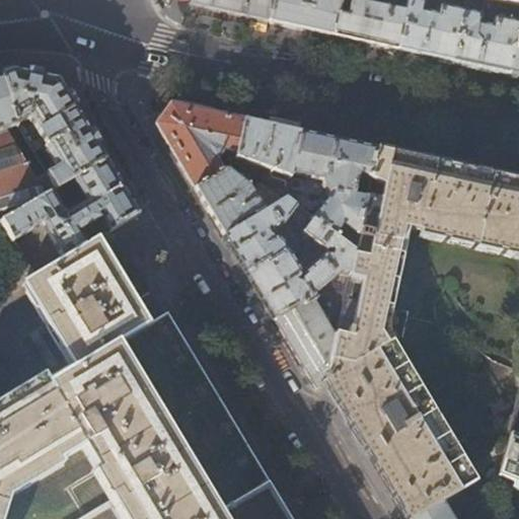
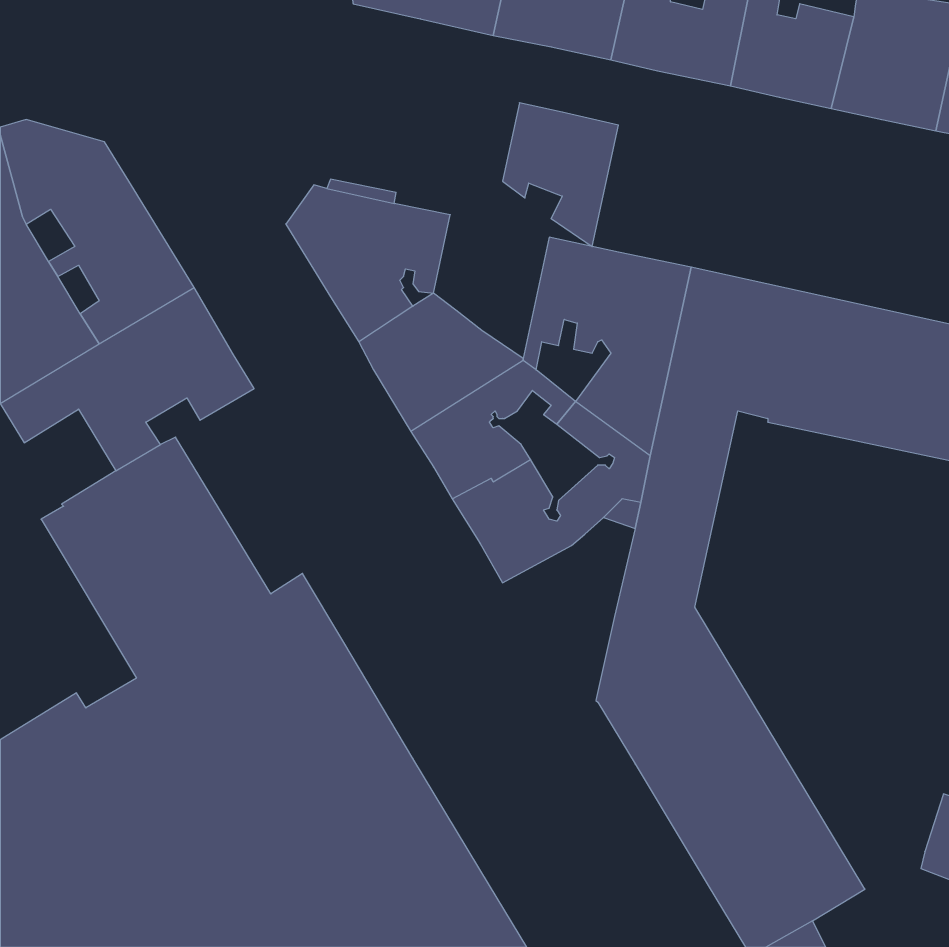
building: [238,117,301,195] -> [503,103,618,247]
building: [276,290,337,386] -> none

